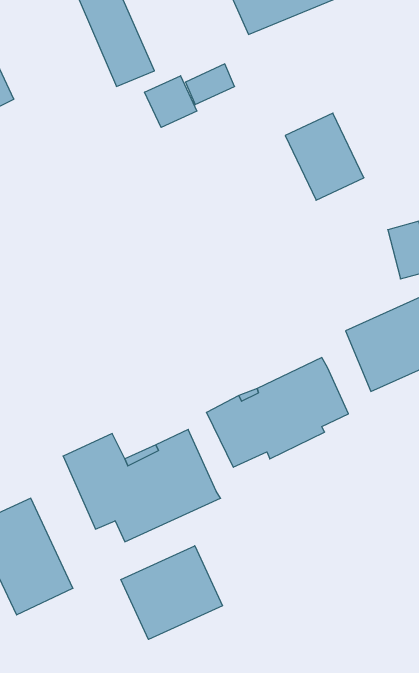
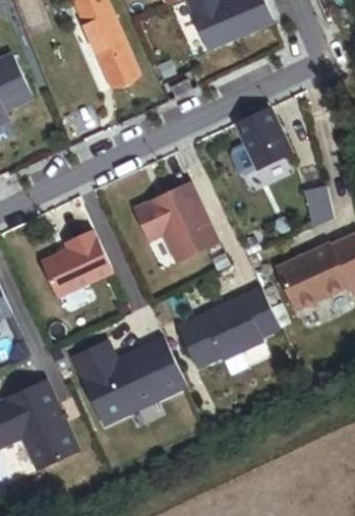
building: [145,76,197,127] -> none
building: none -> [132,182,219,263]
building: none -> [40,228,111,297]
building: [121,546,222,639] -> none

